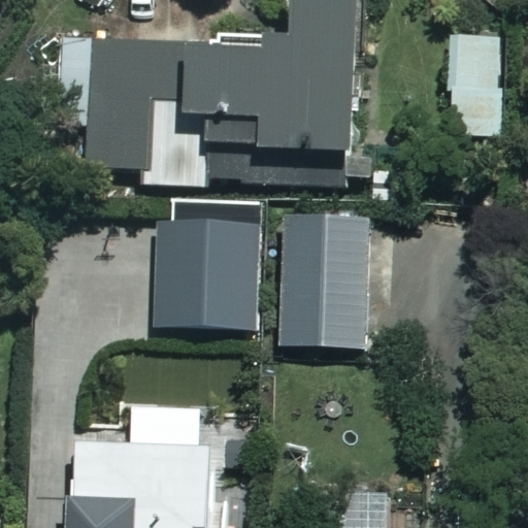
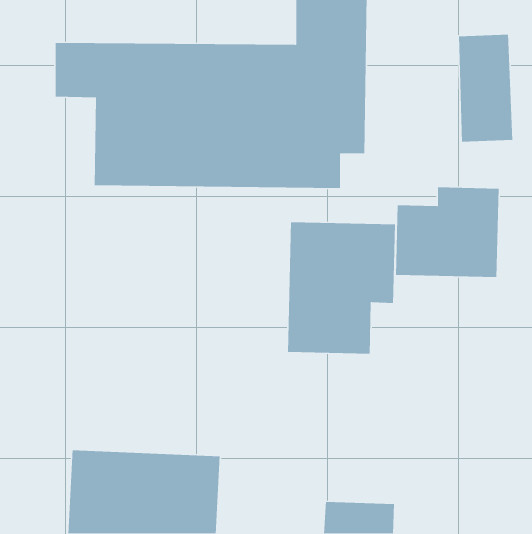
building: none -> [395,187,500,278]
building: [150,209,259,329] -> none

